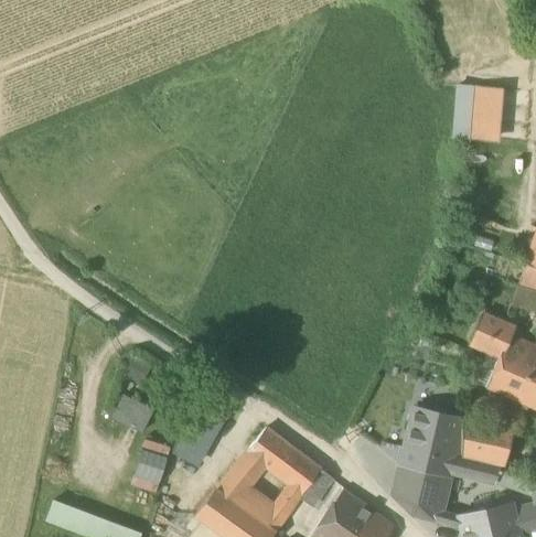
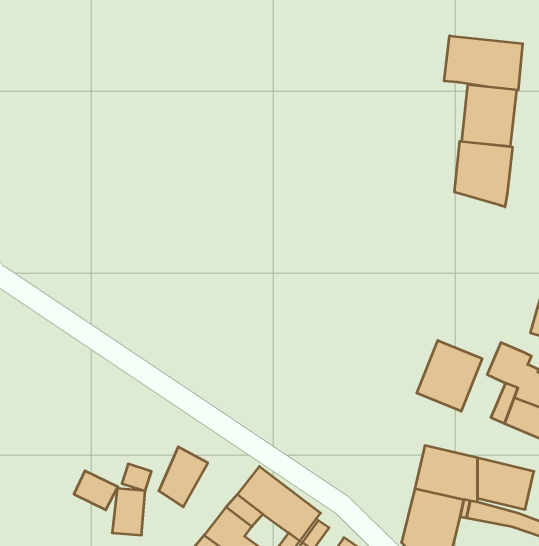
building: none -> [444,36,523,90]
building: none -> [454,141,512,207]
building: none -> [417,340,482,411]
building: [115,396,154,431] -> [74,471,118,510]

